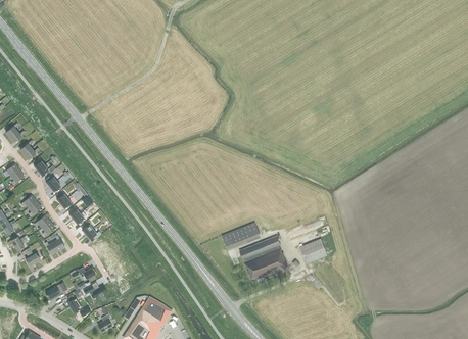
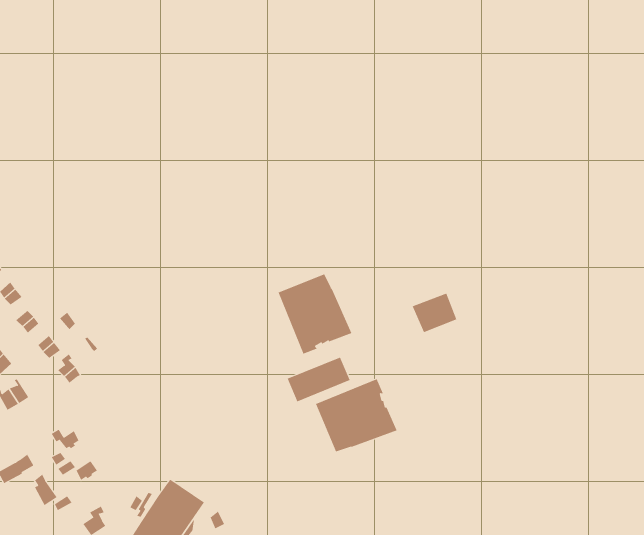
building: none -> [278,273,352,354]
building: [299,238,327,262] -> [412,293,457,333]

